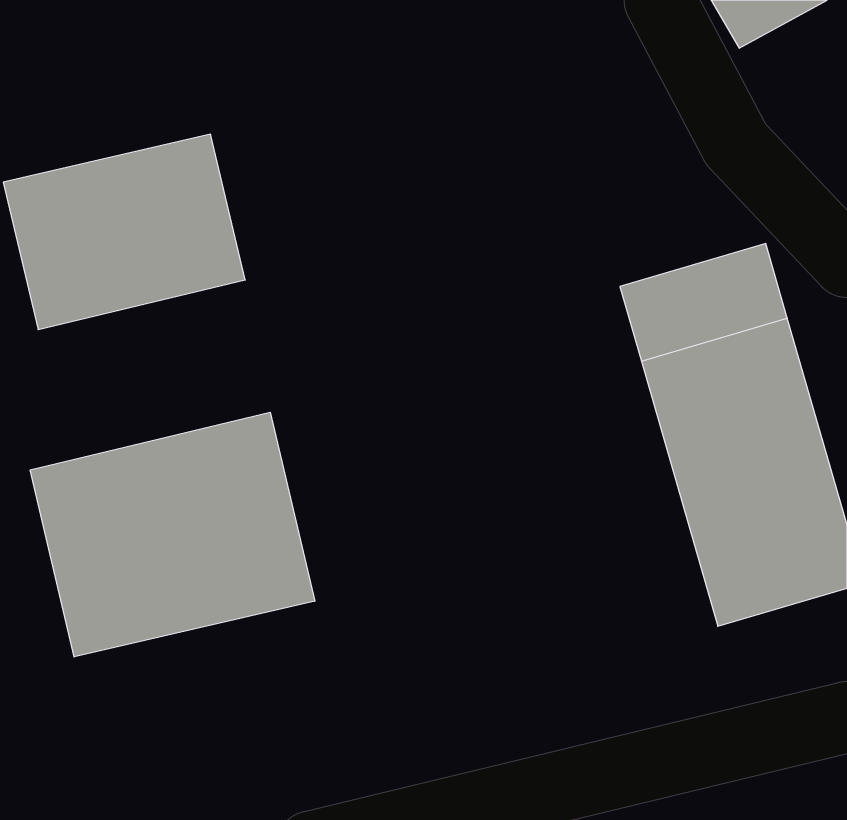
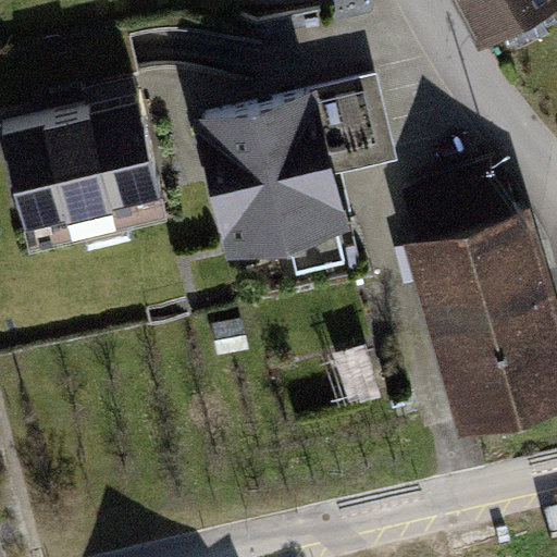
building: none -> [203,88,394,256]
building: [30,412,315,657] -> none

